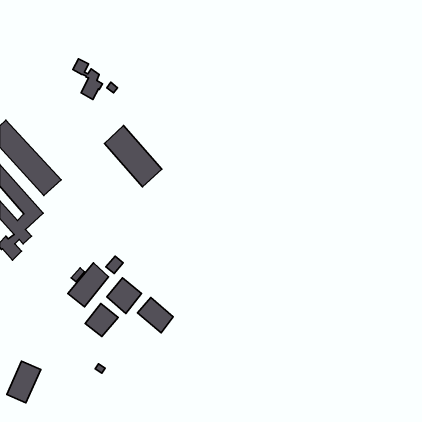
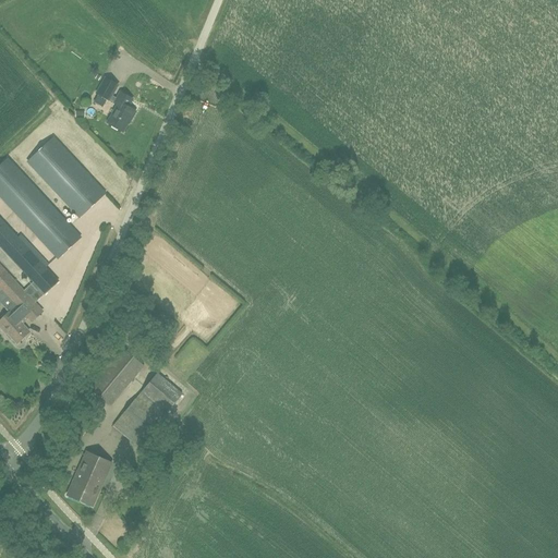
building: [105,125,162,187] -> [28,137,104,218]
building: [137,297,173,333] -> none
building: [7,361,41,403] -> [66,449,111,504]

